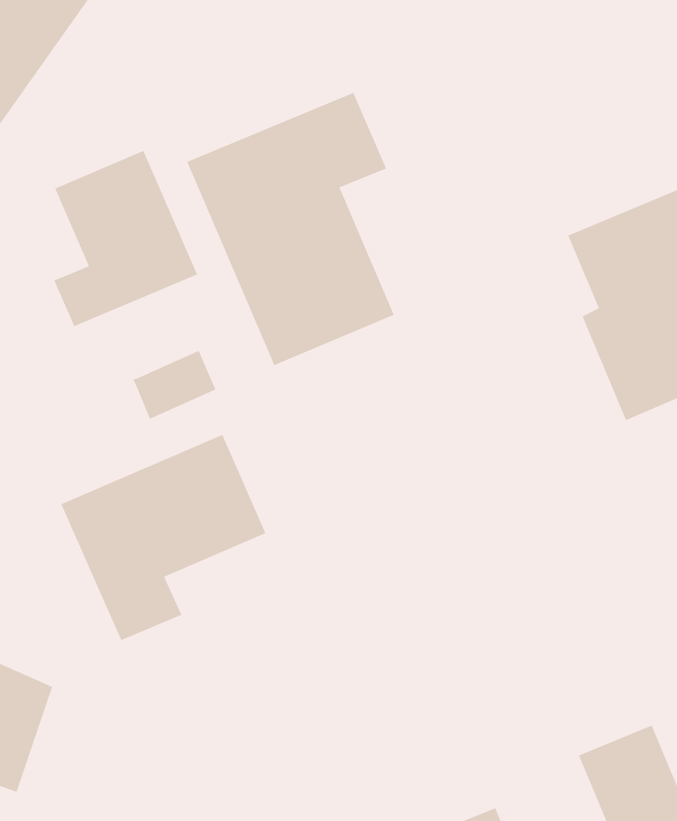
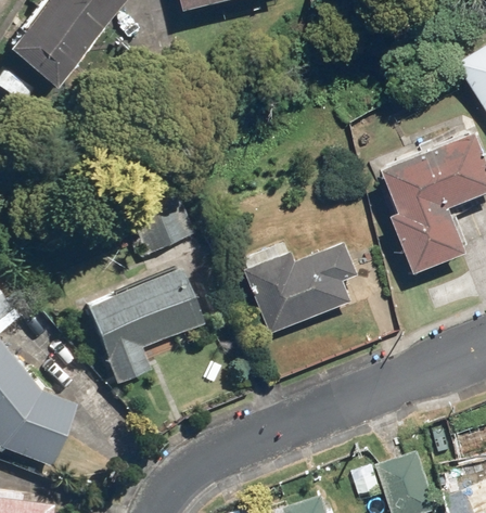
building: [186,92,395,366] -> none
building: [53,150,198,327] -> none
building: none -> [244,240,363,335]

